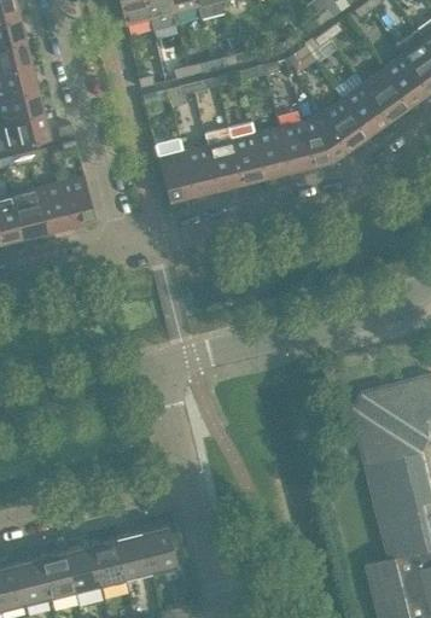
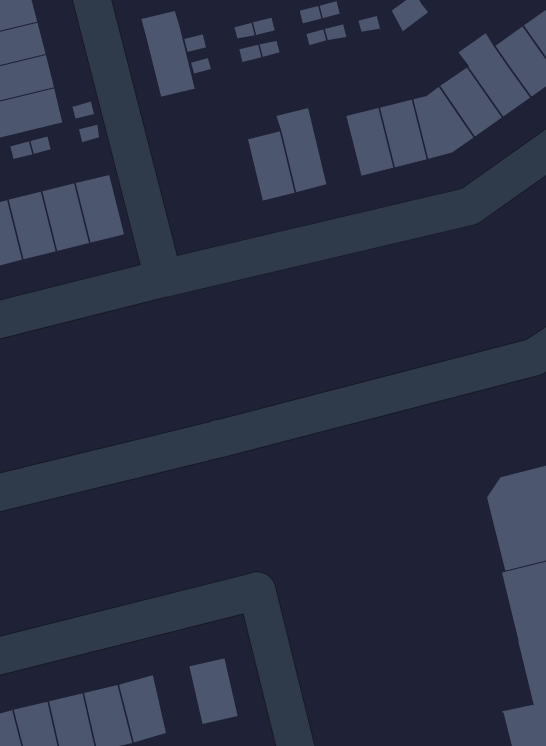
building: [228,123,266,185] -> none
building: [155,140,194,203] -> [140,10,196,97]
building: [116,532,151,581] -> none

